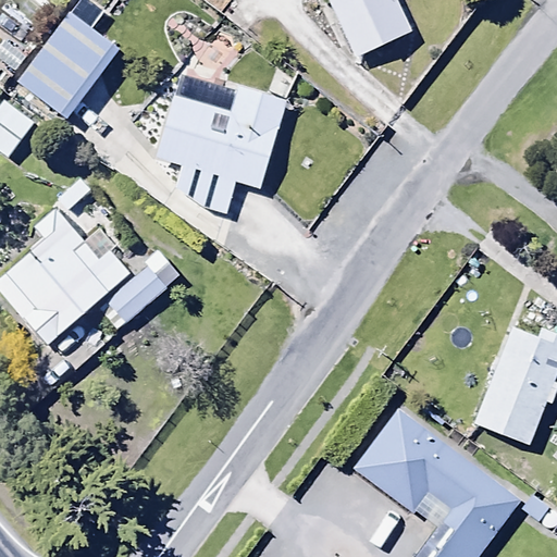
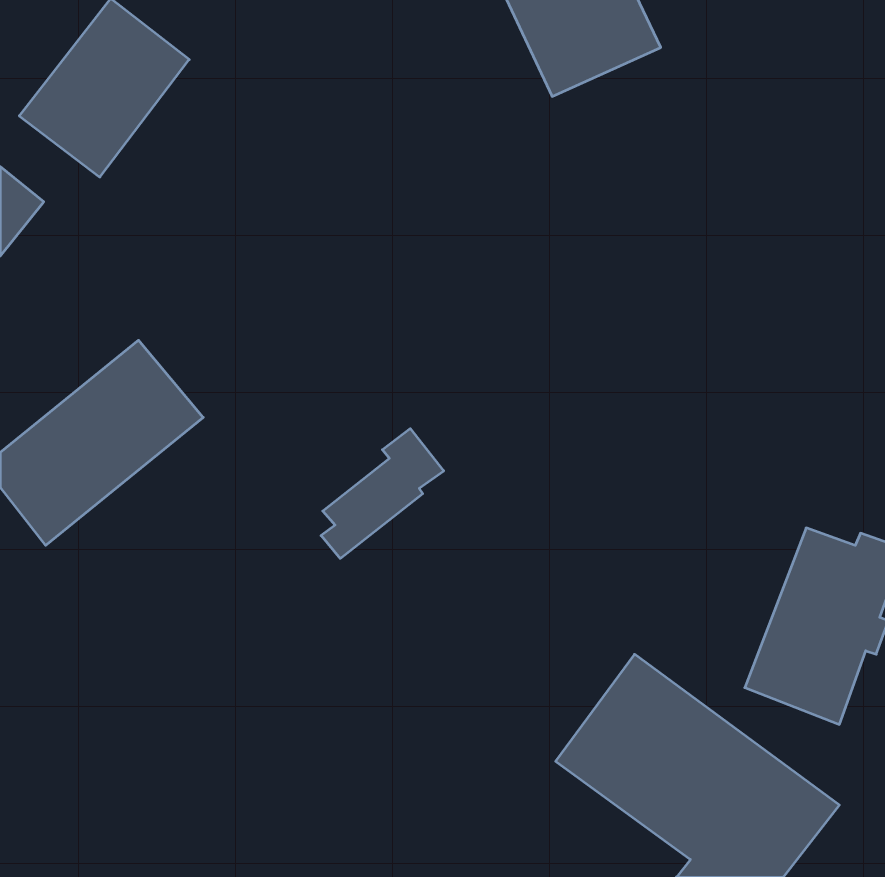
building: [164,67,290,225] -> none
building: [103,251,180,332] -> [321,429,444,558]

